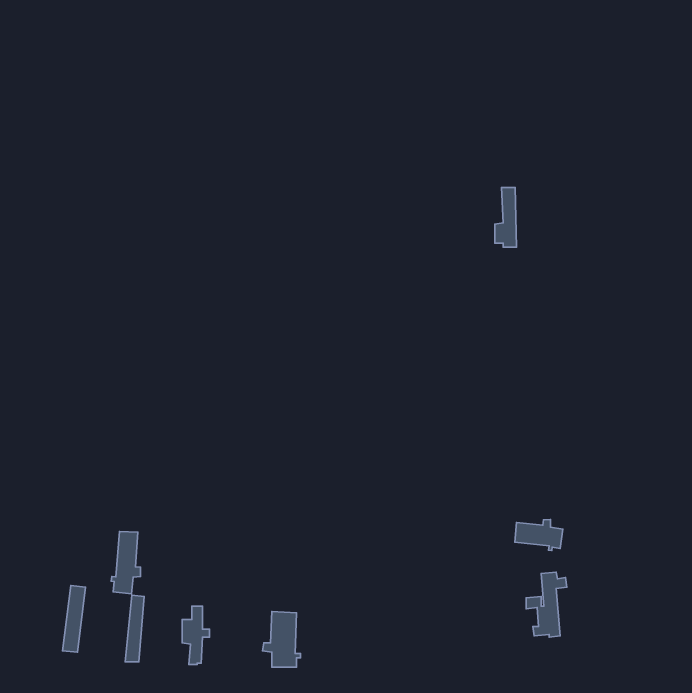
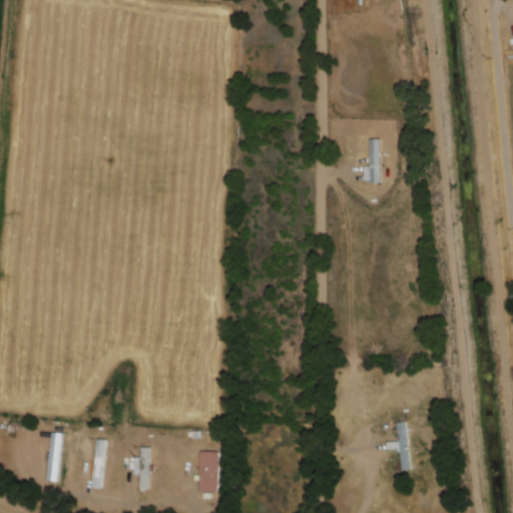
building: [515,520,563,551] -> none
building: [111,532,141,594] -> none

